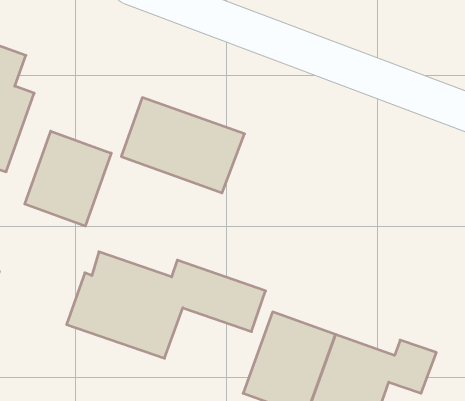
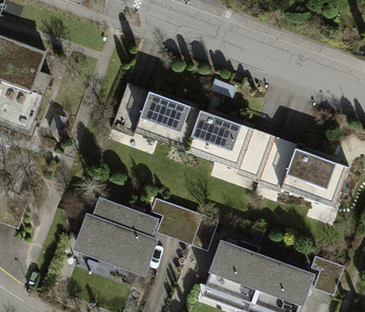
building: [25,131,111,226] -> none
building: none -> [186,108,270,176]
building: none -> [259,138,348,210]

